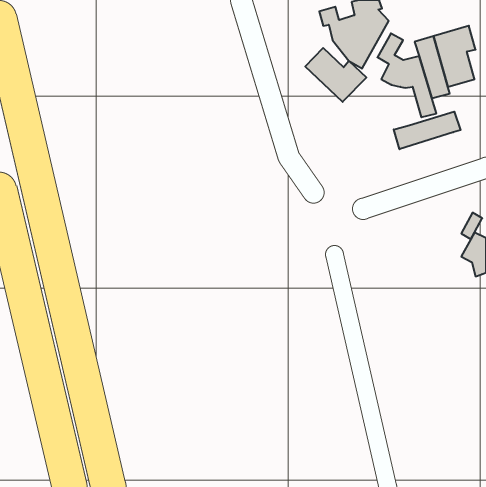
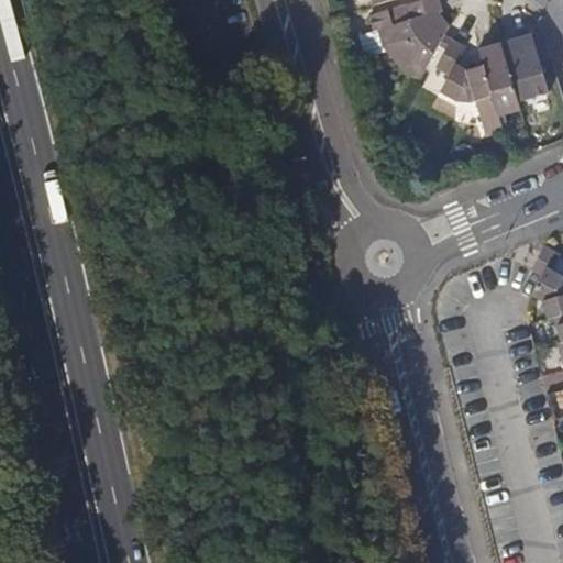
building: [305,48,366,102] -> none
building: [394,112,461,149] -> none

